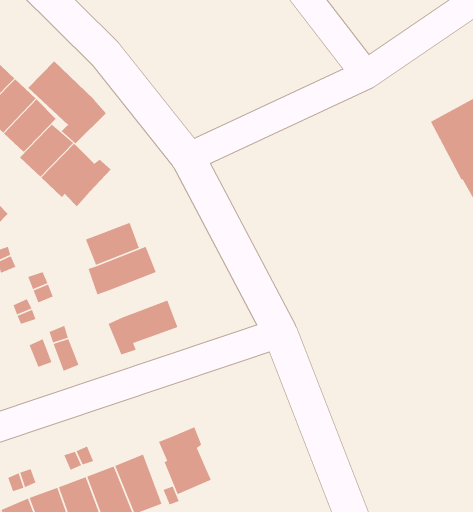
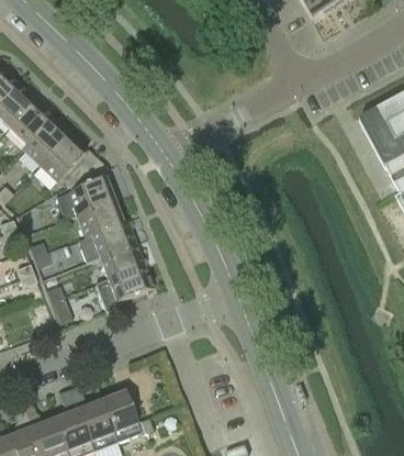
building: [28,60,107,144] -> none
building: none -> [67,157,113,214]
building: none -> [98,242,144,278]
building: [158,426,212,495] -> none

